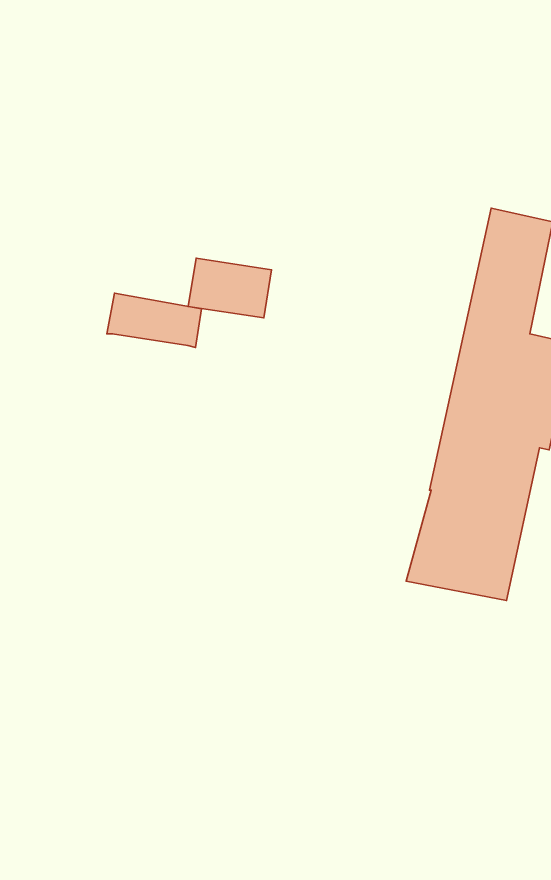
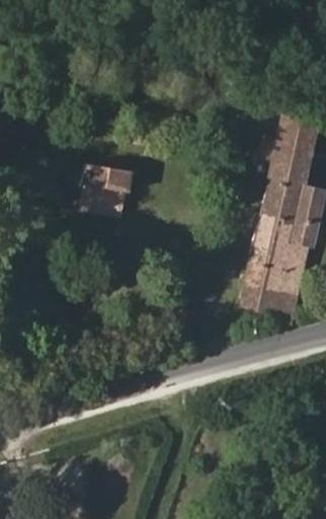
building: [188,258,271,318] -> [79,184,123,216]

